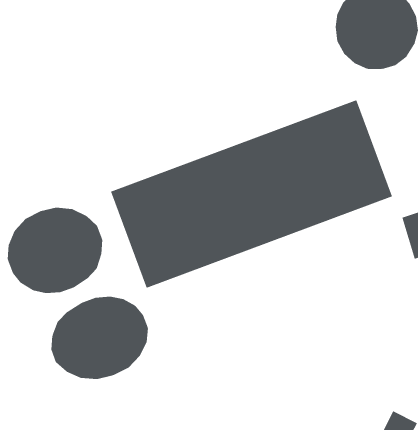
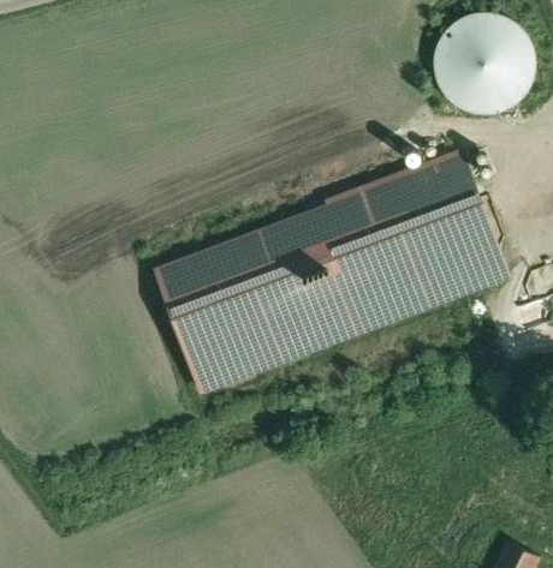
building: [7,207,103,294] -> none
building: [51,296,148,380] -> none

